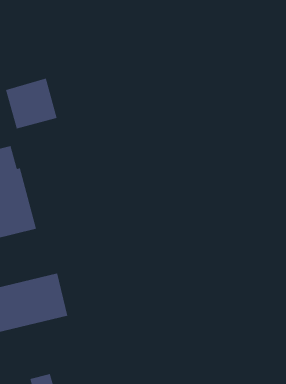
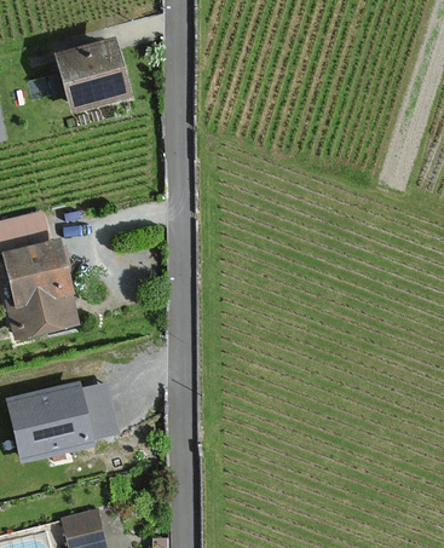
building: [5,78,57,129] -> [62,39,131,106]

